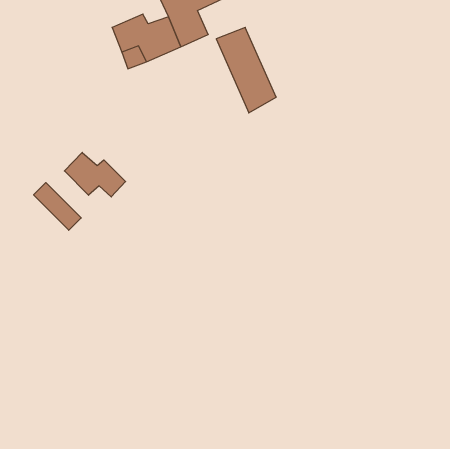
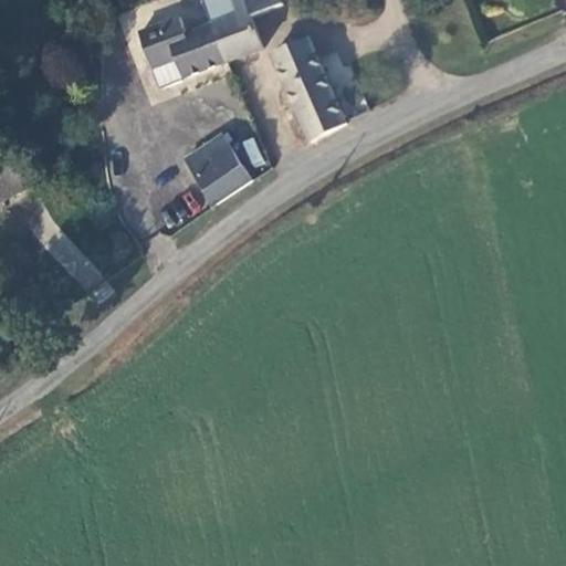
building: none -> [187,134,252,202]
building: [64,152,126,197] -> none

